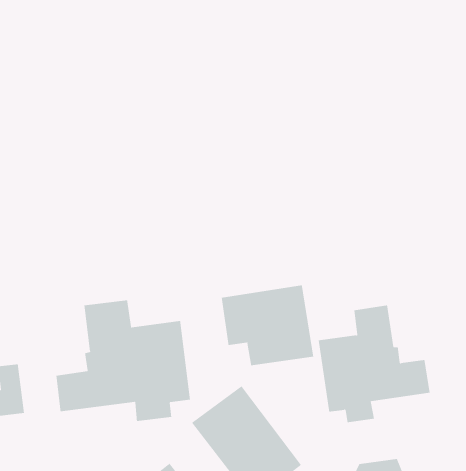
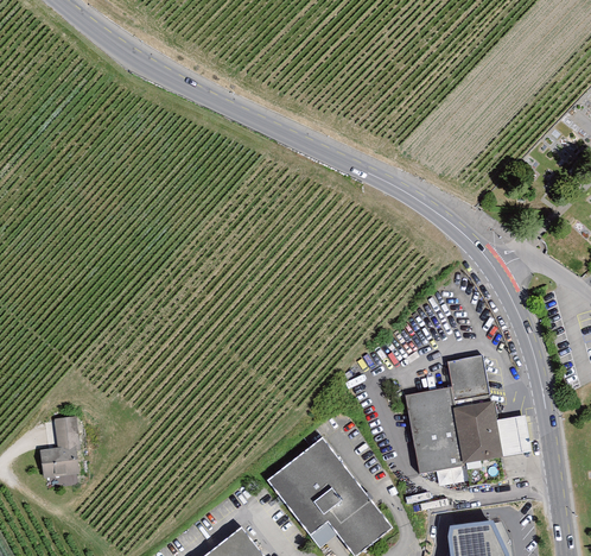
building: [221,284,314,366] -> none
building: [56,300,191,422] -> none

